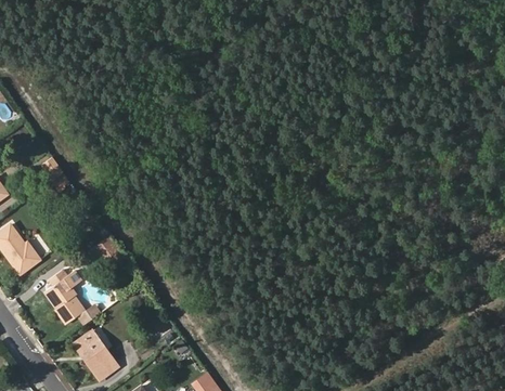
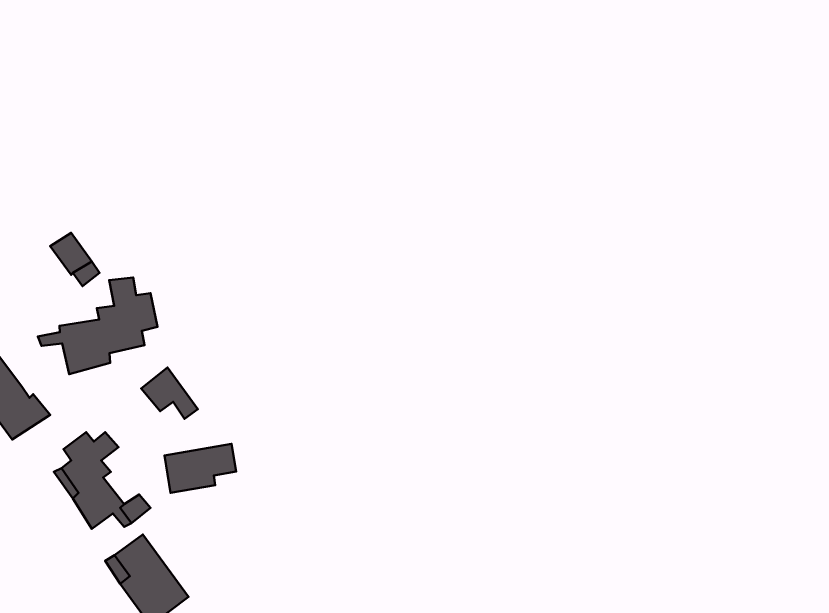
building: none -> [38,278,158,374]
building: none -> [164,444,236,493]

